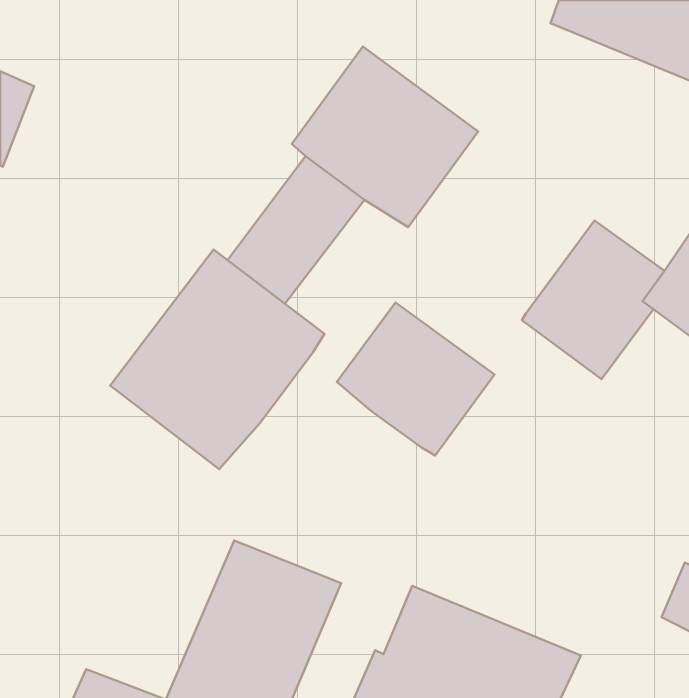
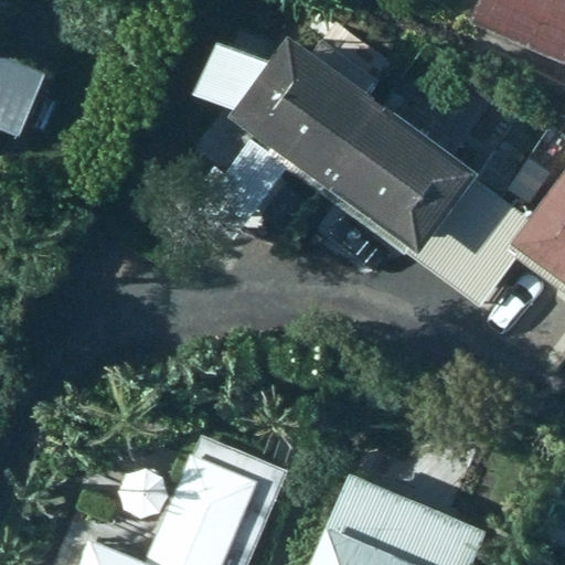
building: none -> [338,107,488,254]
building: [110,249,324,469] -> none
building: [337,302,495,455] -> none

